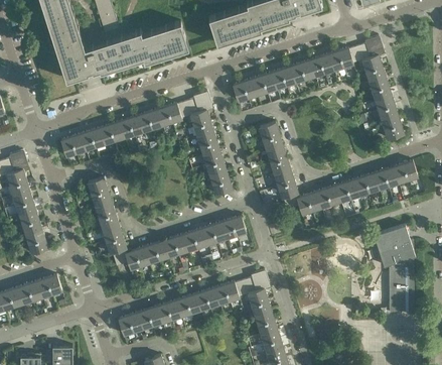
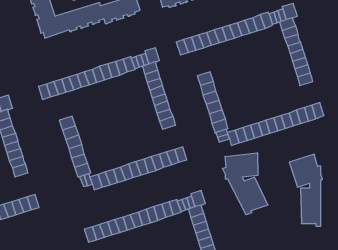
building: none -> [222,153,268,215]

